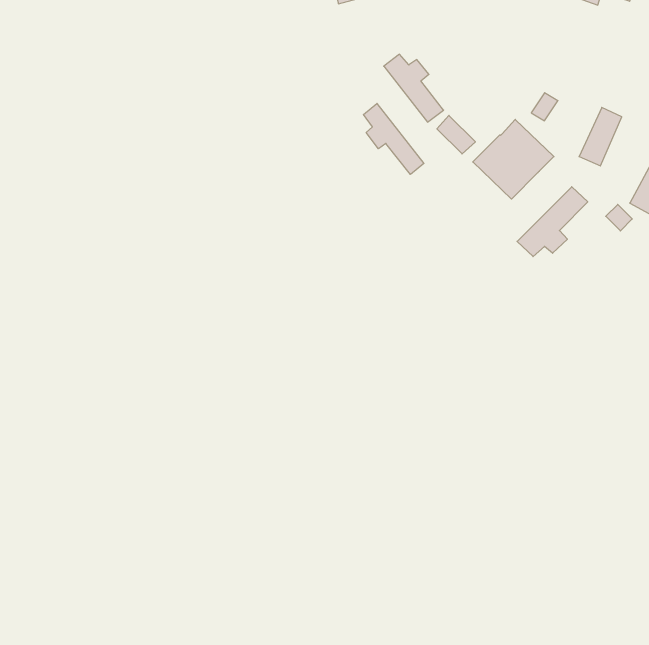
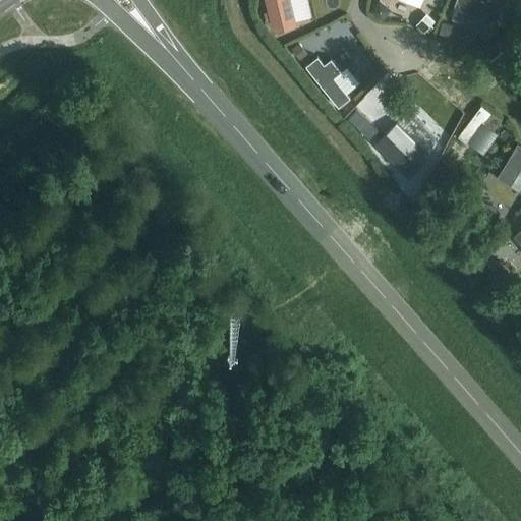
building: [363,103,424,174] -> none
building: [517,187,588,257] -> none

